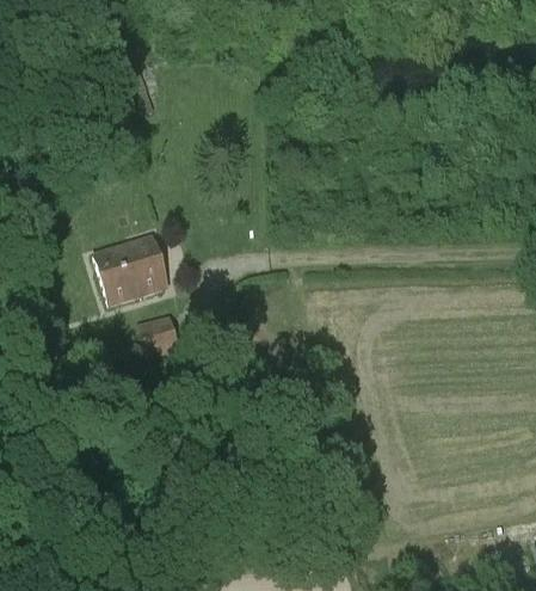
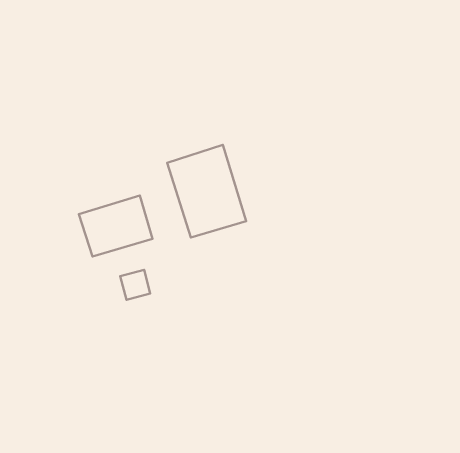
building: none -> [167,145,246,237]

